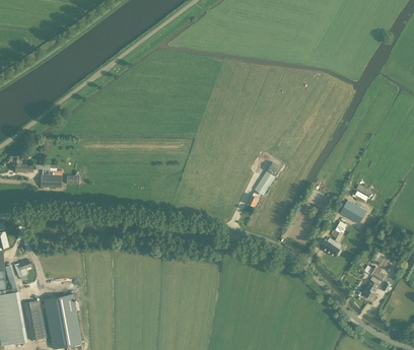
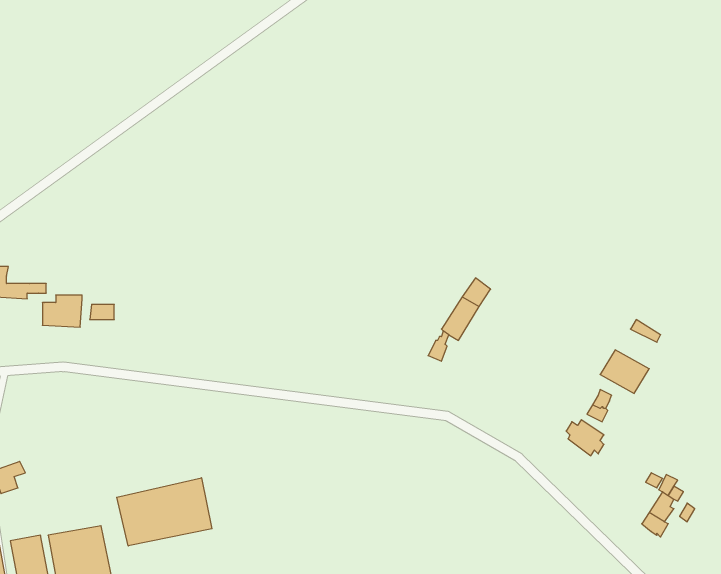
building: none -> [117,478,212,546]

